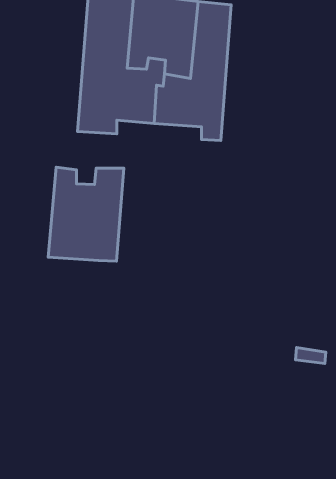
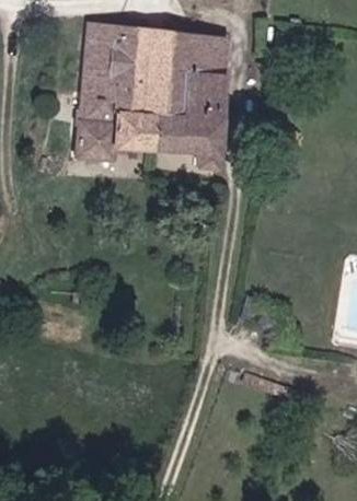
building: [48,167,124,261] -> none

